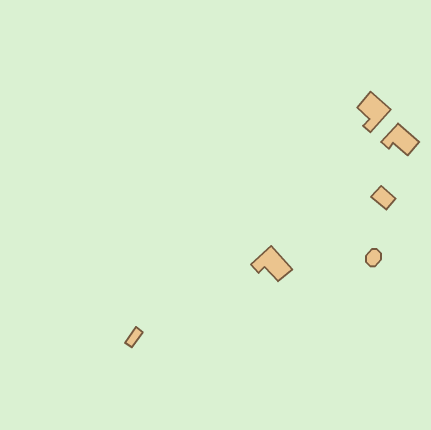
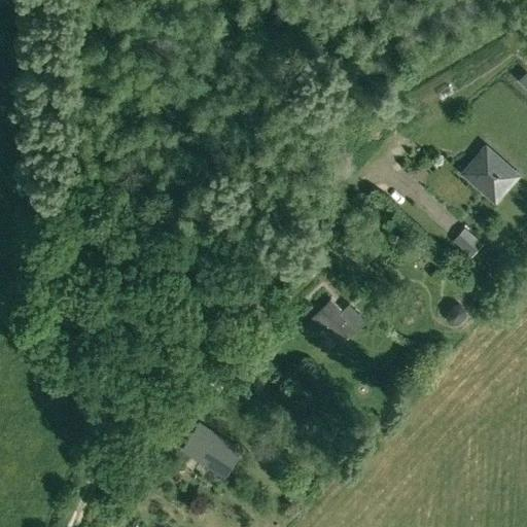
building: [357,92,391,132] -> none
building: none -> [182,426,241,479]

